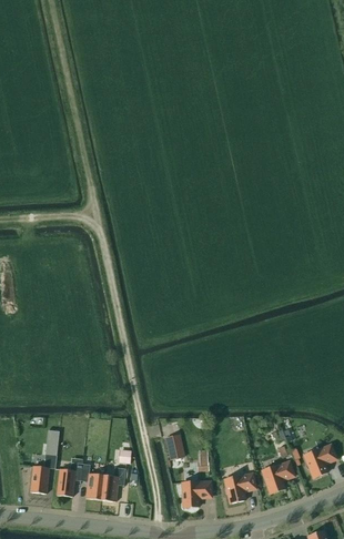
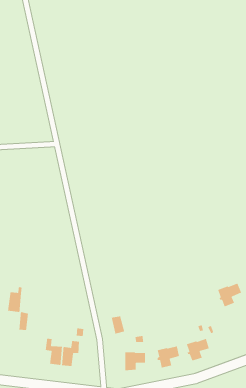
building: [304,445,336,477] -> [217,283,242,307]
building: [30,459,50,494] -> [7,286,23,313]
building: [57,462,82,497] -> none

